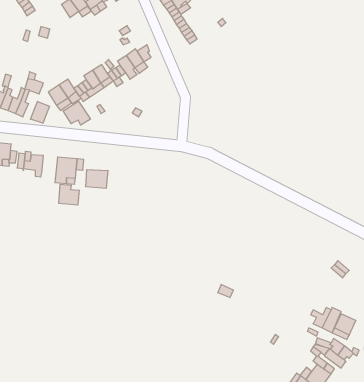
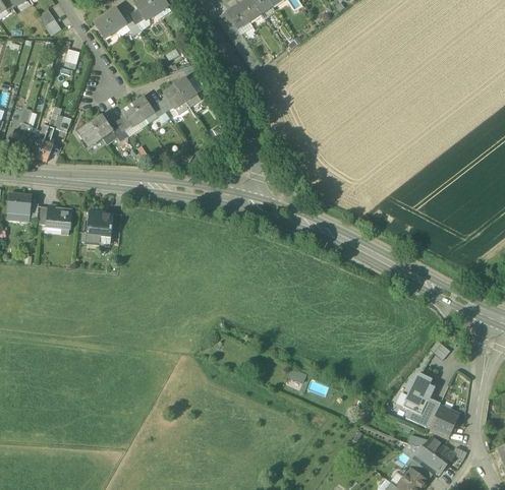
building: [63,101,90,125] -> none
building: [30,101,49,123] -> none
building: [86,170,108,188] -> none
building: [59,184,79,205] -> none
building: none -> [405,373,435,406]

